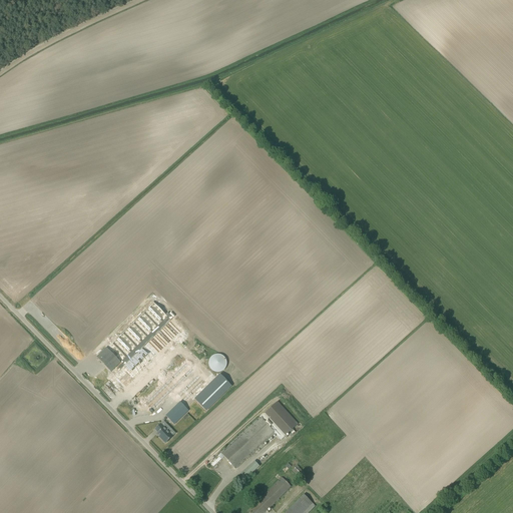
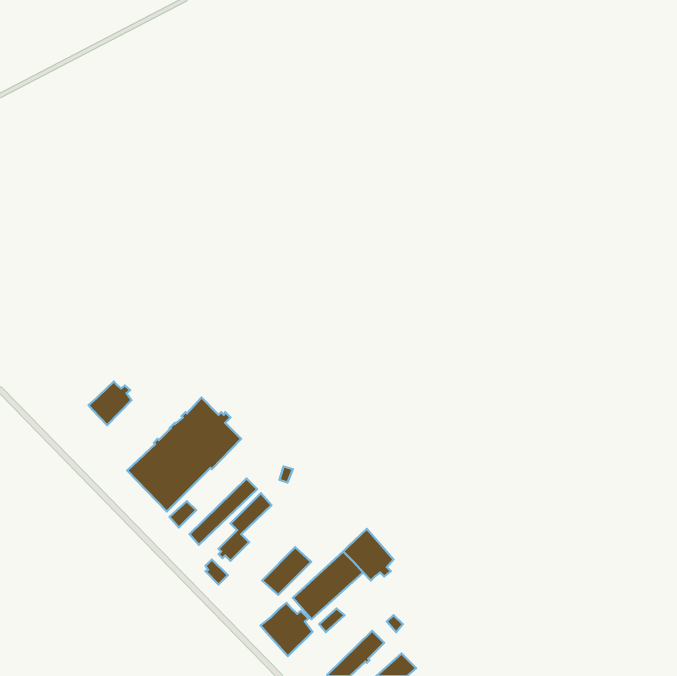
building: none -> [89,382,131,425]
building: [194,374,231,410] -> [262,547,311,595]
building: none -> [260,603,312,656]

